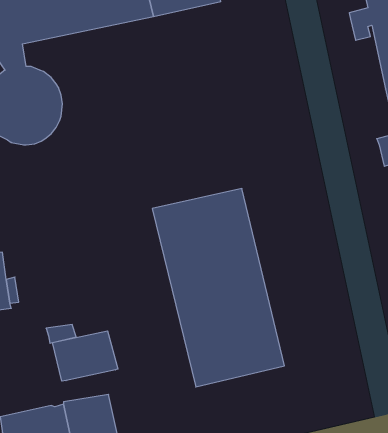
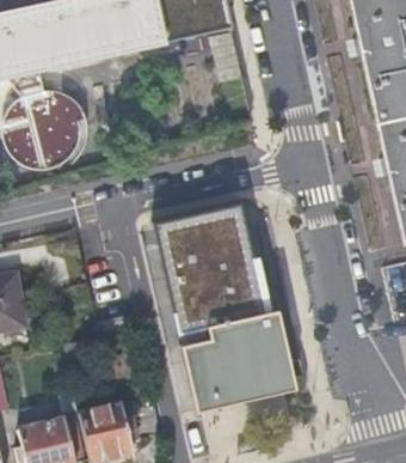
building: [53,331,118,381] -> none

